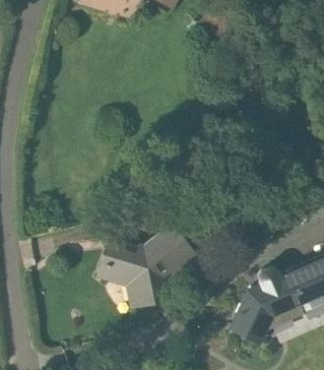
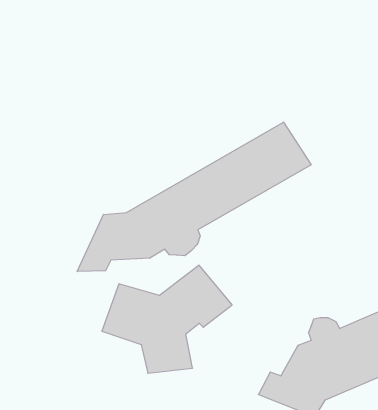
building: none -> [77,122,311,272]

